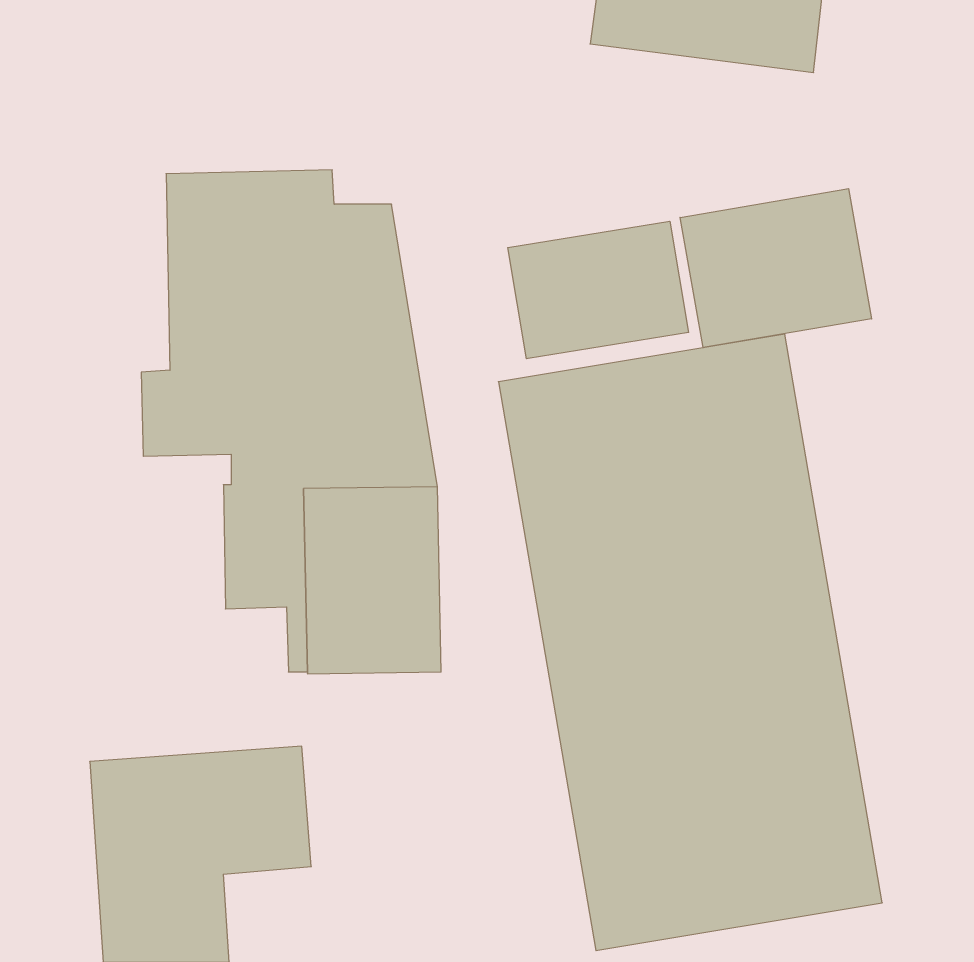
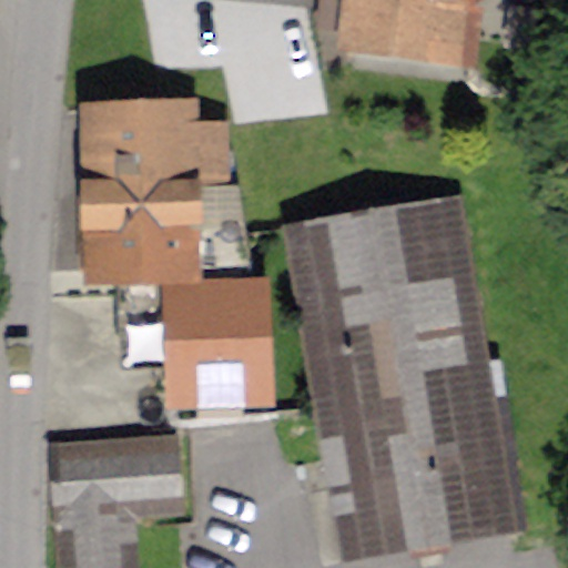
building: [680,189,872,348] -> none
building: [508,221,689,359] -> none

